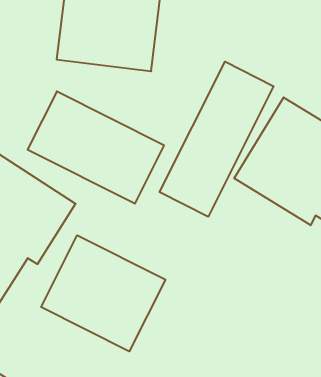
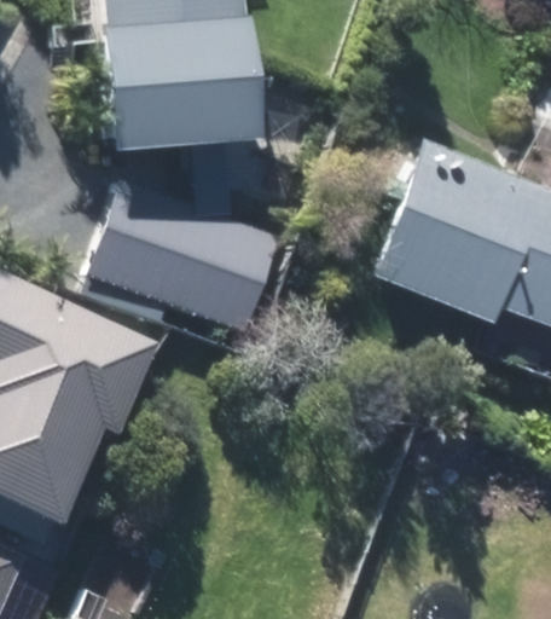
building: [160,62,274,217] -> none
building: [41,235,165,351] -> none

